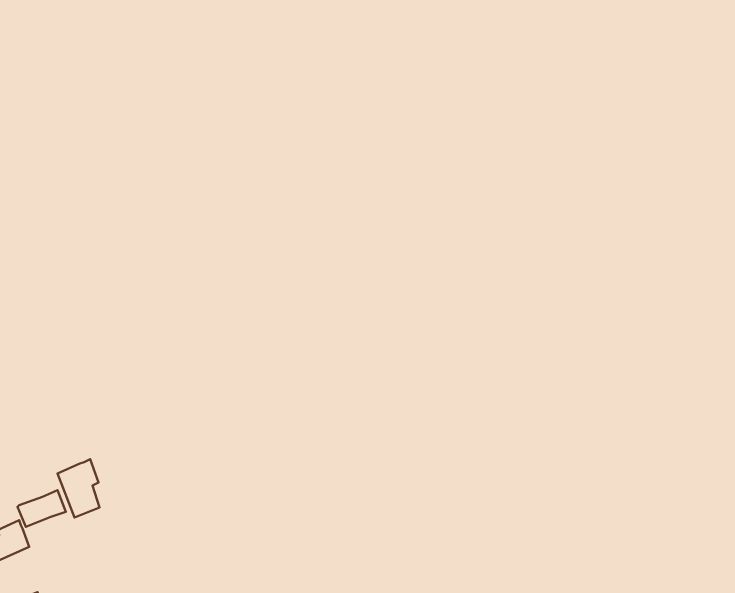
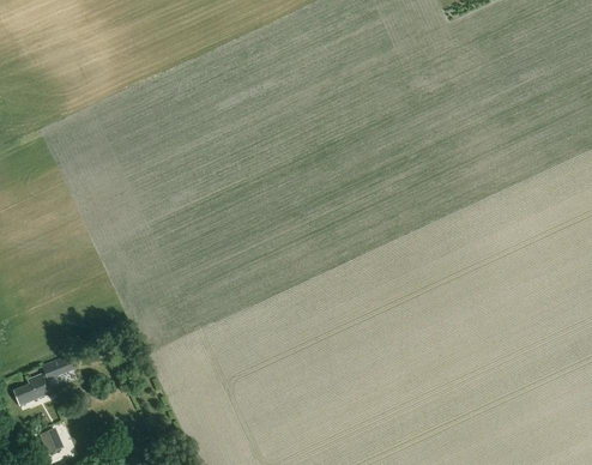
building: [58,459,100,518] -> none

